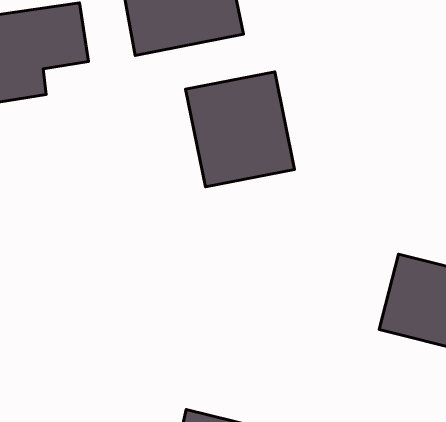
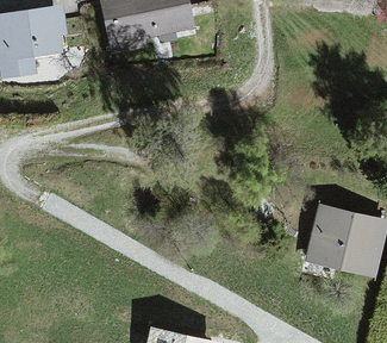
building: [186,72,294,187] -> none

